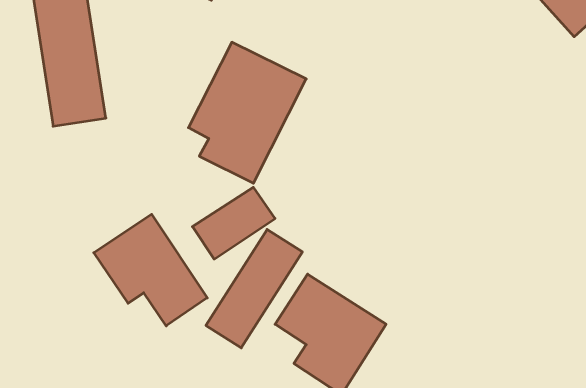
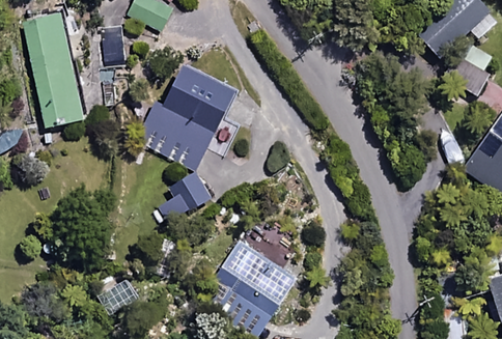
building: [94,214,207,326] -> none
building: [206,229,302,348] -> none

